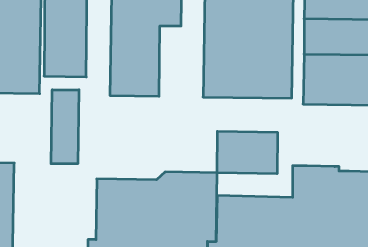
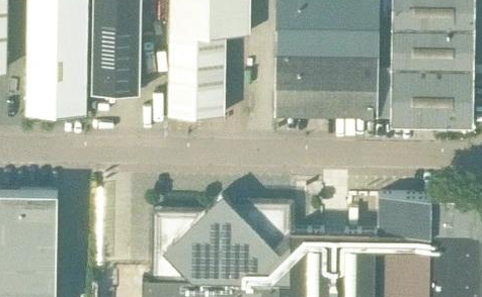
building: [51,90,79,164] -> none
building: [217,131,277,174] -> none

